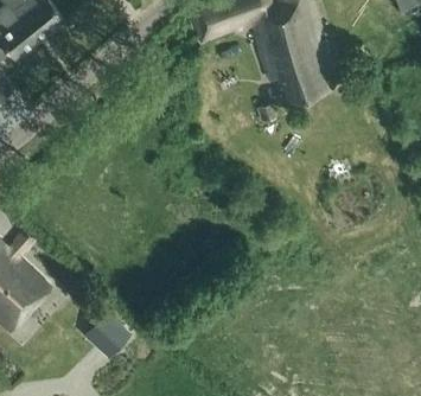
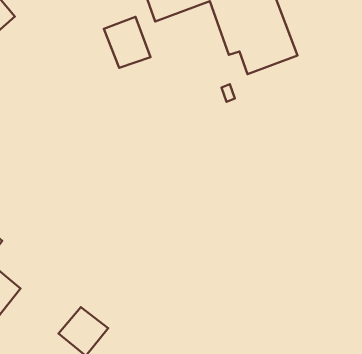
building: none -> [104,17,151,68]

